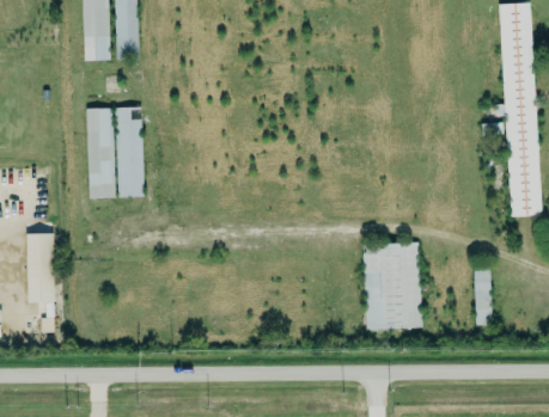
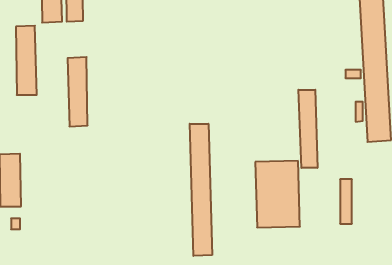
building: [87,108,115,198] -> [16,26,37,95]
building: none -> [298,90,317,168]
building: none -> [190,124,212,256]

